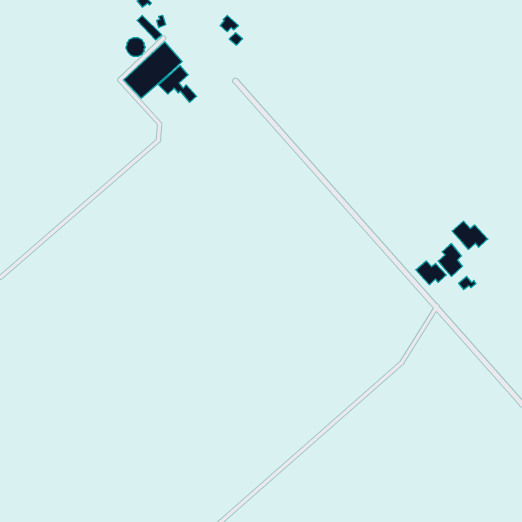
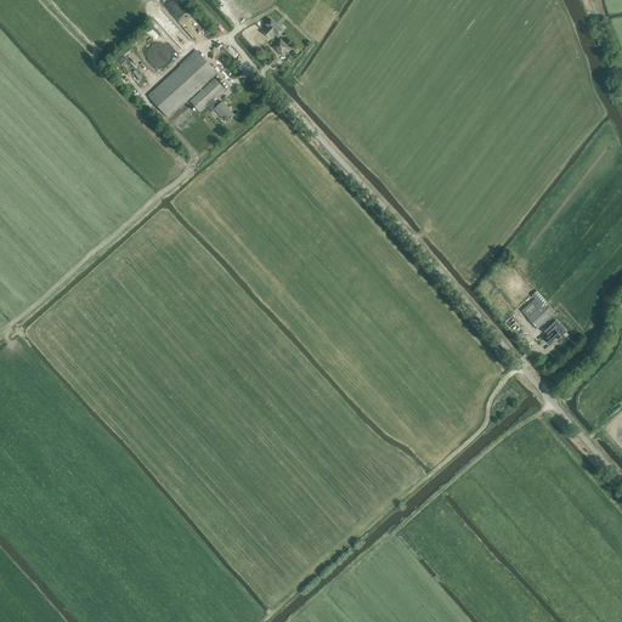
building: [452,221,488,249] -> none
building: [416,261,446,285] -> none

